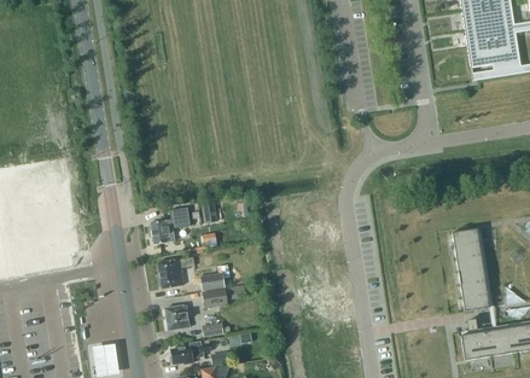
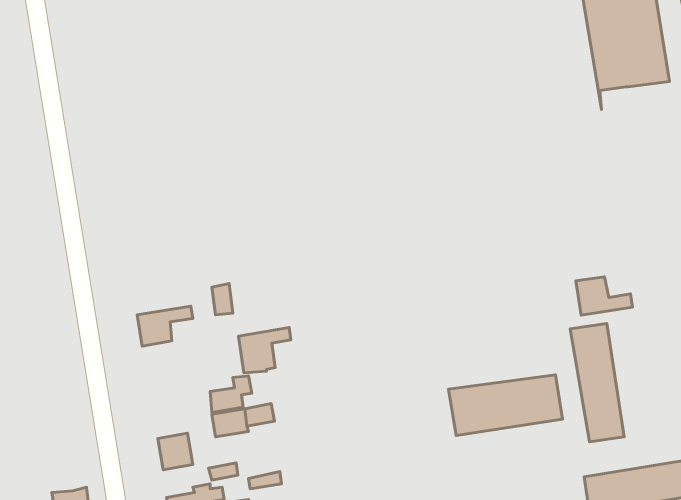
building: none -> [576,277,633,315]
building: [157,256,193,287] -> [239,328,291,373]
building: none -> [448,375,562,436]

